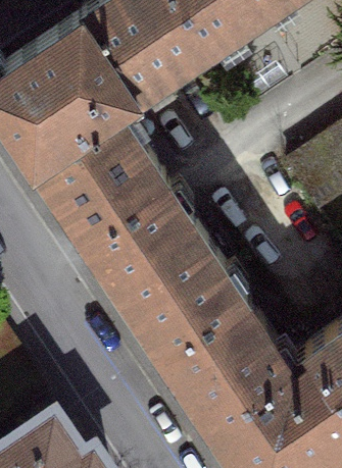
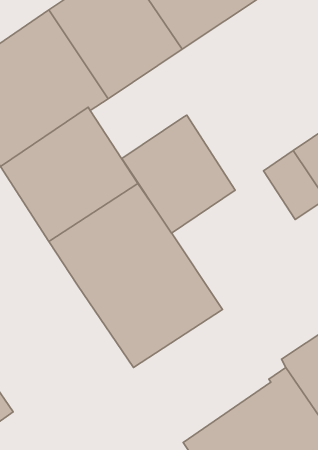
building: none -> [122,115,235,233]
building: [161,306,294,434] -> none

